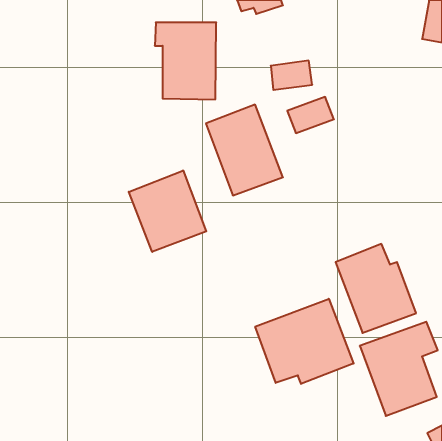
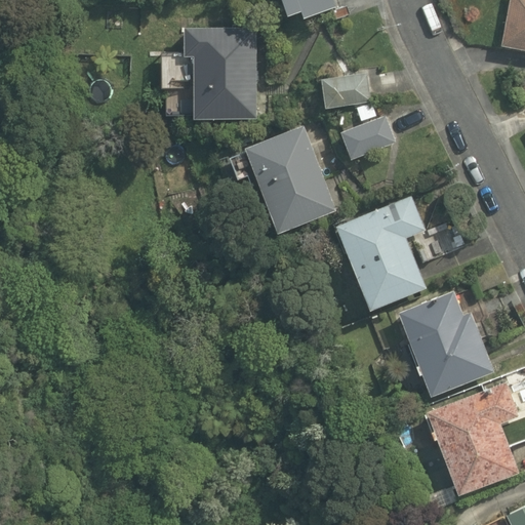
building: none -> [335,196,426,310]
building: [129,170,206,252] -> none
building: [255,299,354,384] -> none

